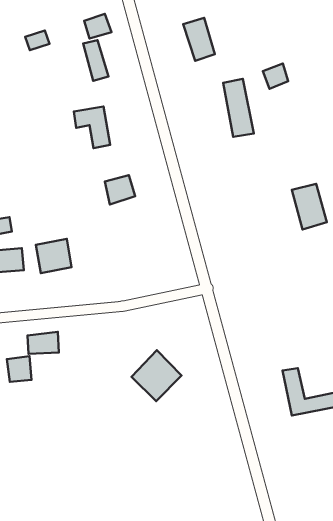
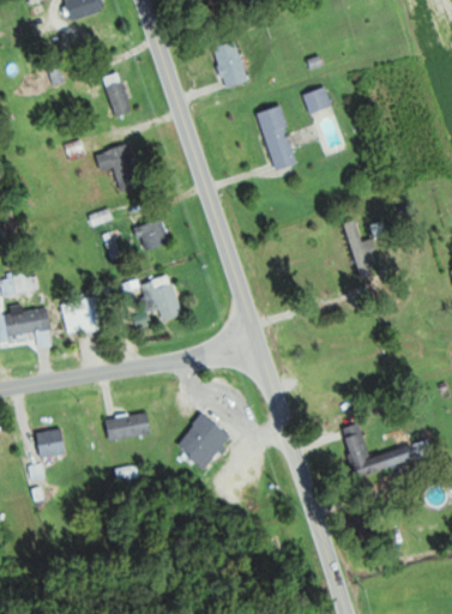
building: [84,14,112,39] -> none
building: none -> [143,277,183,324]
building: [27,332,59,354] -> [114,411,150,438]

